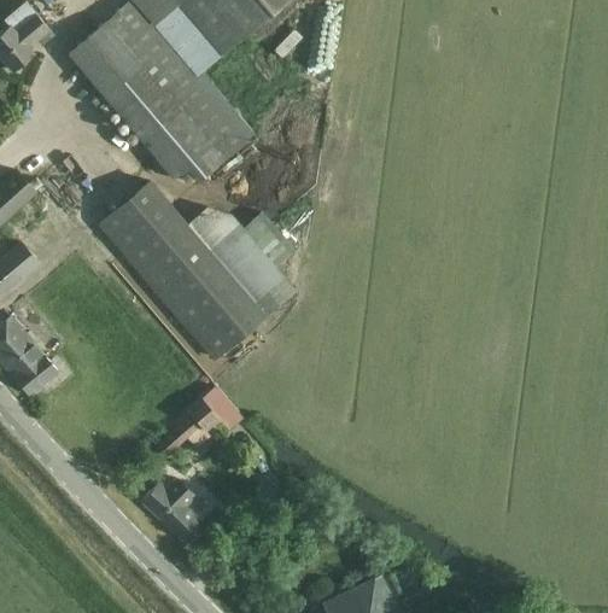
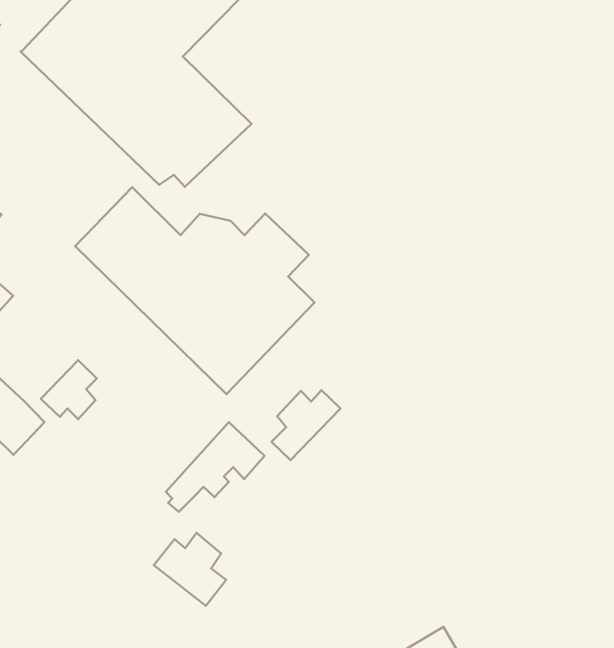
building: none -> [41,360,97,419]
building: none -> [272,390,340,460]

